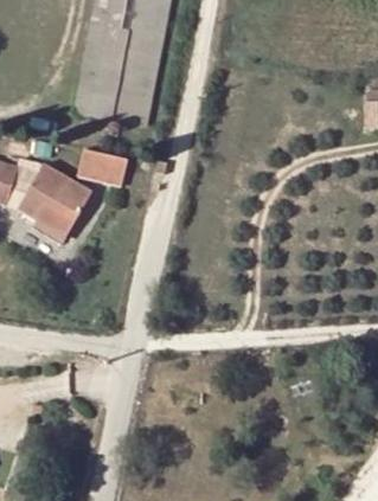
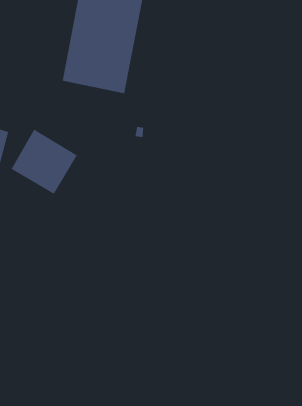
building: [77,148,128,185] -> none

